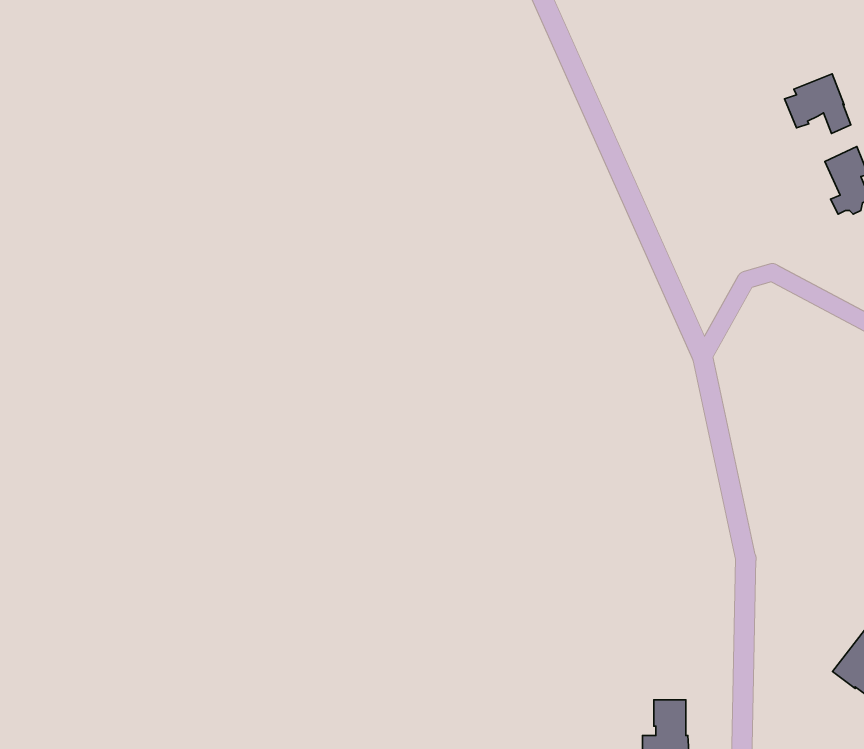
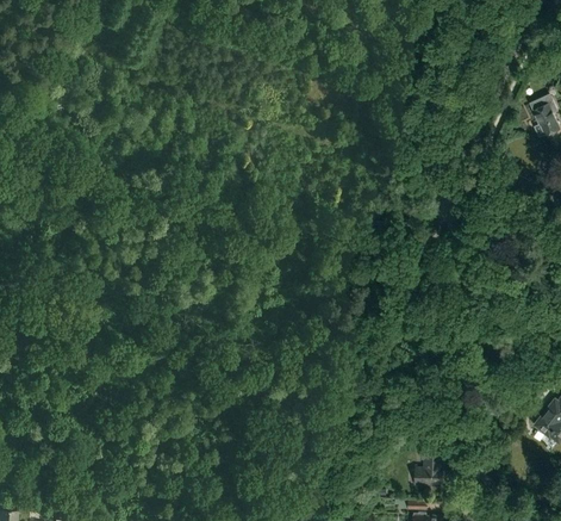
building: [784,74,851,133] -> none

